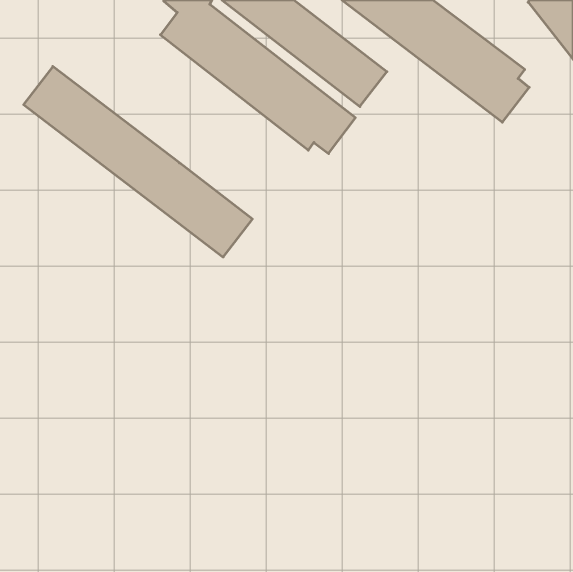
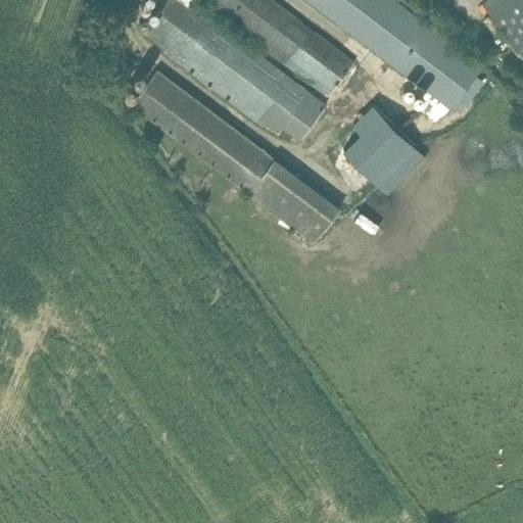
building: [24,66,252,257] -> [131,69,339,243]
building: none -> [347,100,429,192]

